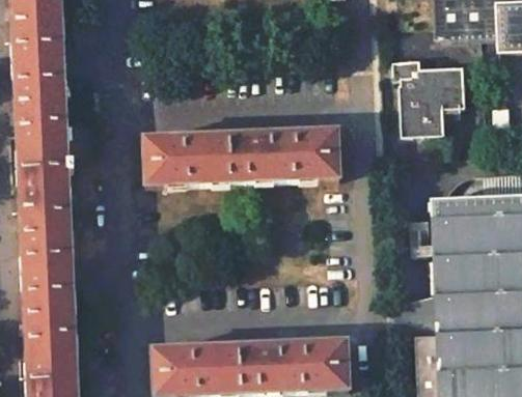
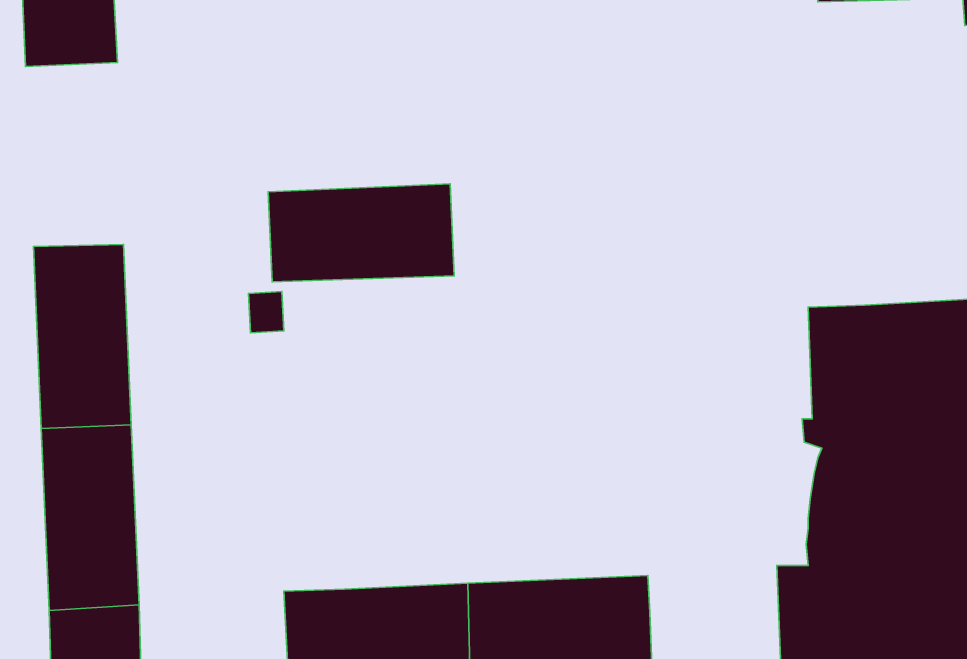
building: [393,66,465,141] -> none
building: [15,72,74,173] -> none
building: [240,133,338,185] -> none

